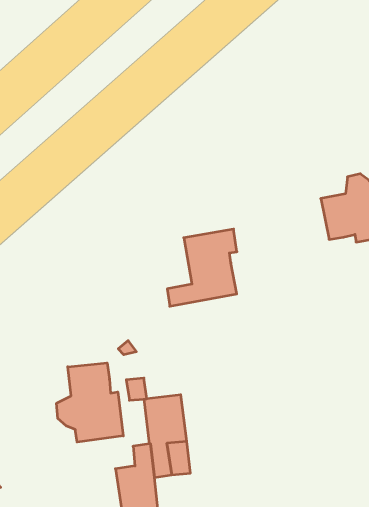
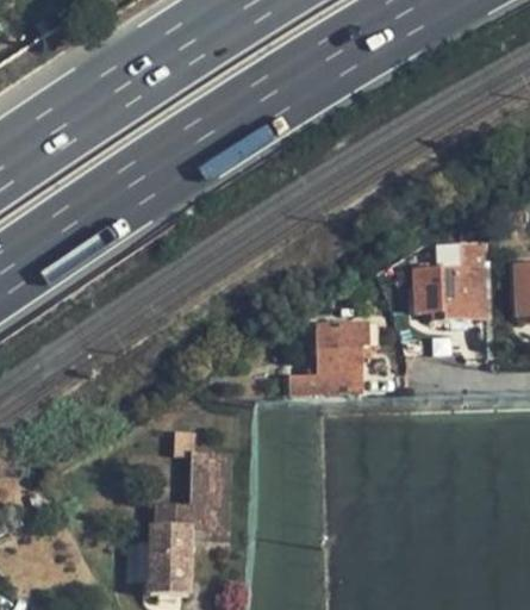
building: [167,229,237,306] -> [288,320,369,393]
building: [57,363,123,442] -> none

